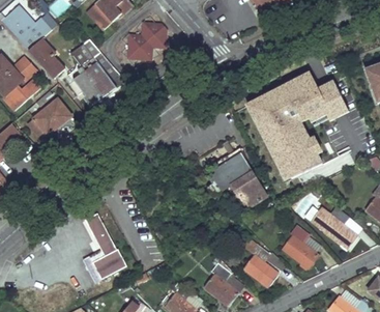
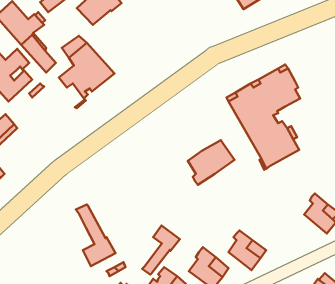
building: [126,23,167,60] -> none
building: [303,81,343,122] -> none
building: [29,96,72,138] -> none
building: [230,171,267,209] -> none
building: [283,225,317,267] -> none
building: none -> [142,225,180,274]

